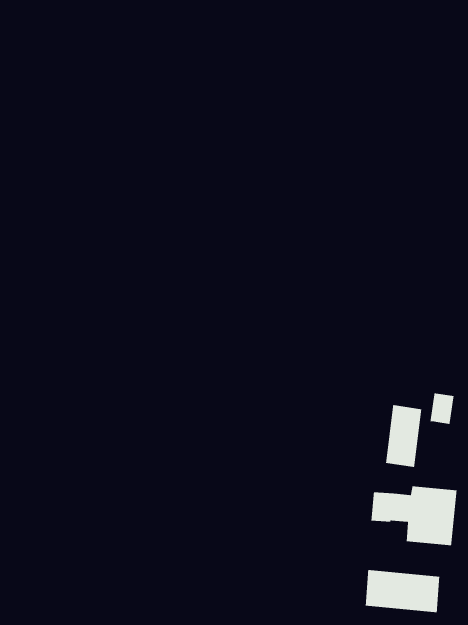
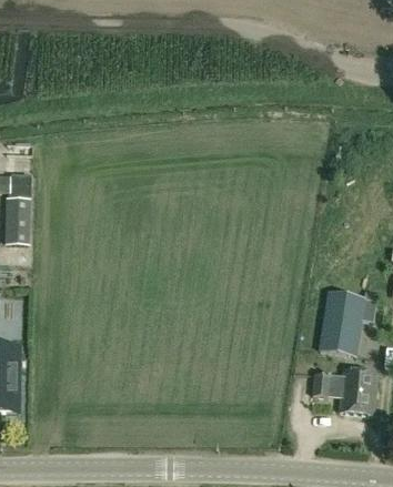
building: [365,569,440,613] -> none

